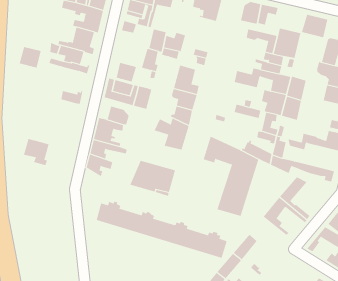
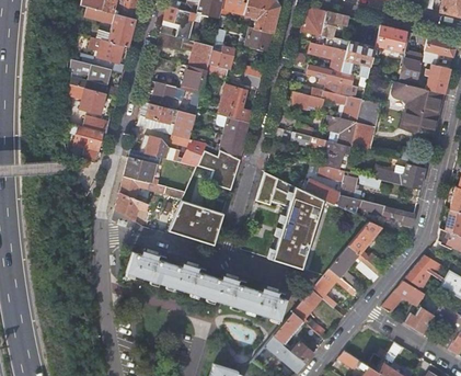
building: none -> [245,27,273,50]
building: [19,46,42,68] -> [80,88,107,114]
building: none -> [170,135,207,167]
building: [23,139,50,166] -> [73,126,105,159]
building: none -> [312,269,357,308]

